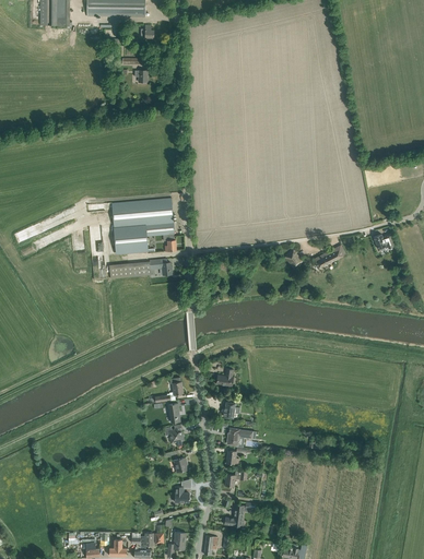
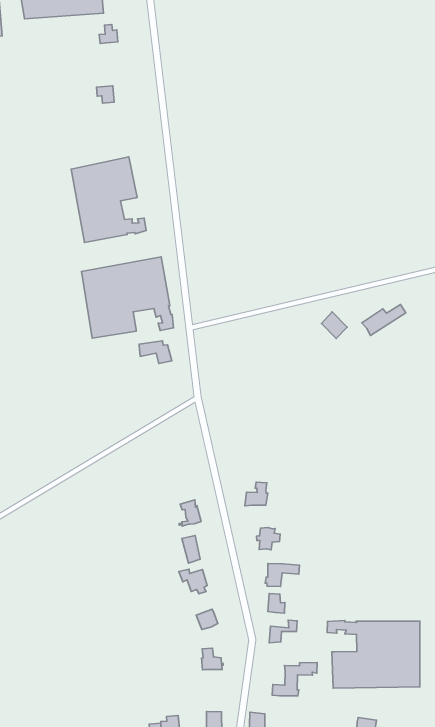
building: none -> [71,157,146,242]
building: none -> [327,621,420,688]

